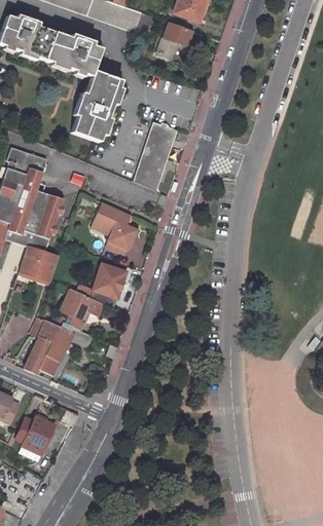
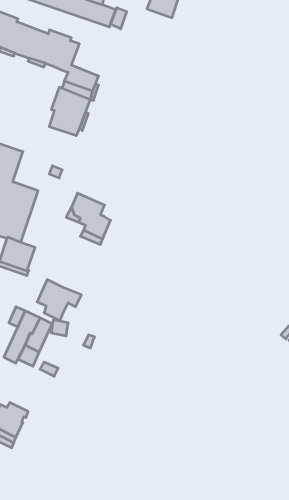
building: [156,21,190,59] -> none
building: [135,121,179,191] -> none
building: [87,261,125,307] -> none

